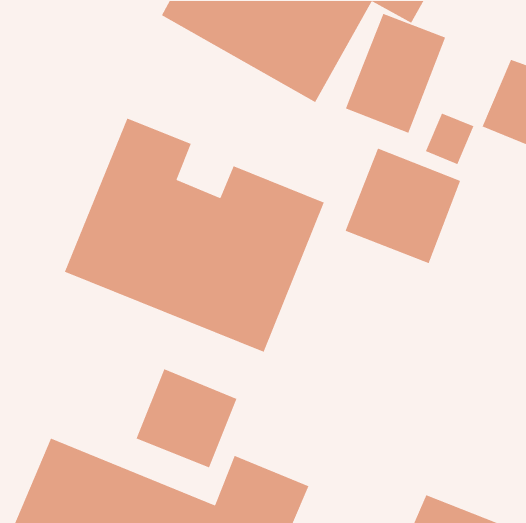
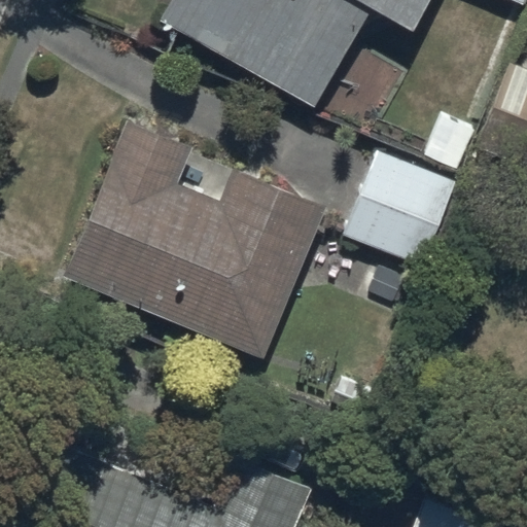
building: [345,13,446,134] -> none
building: [135,368,237,468] -> none

